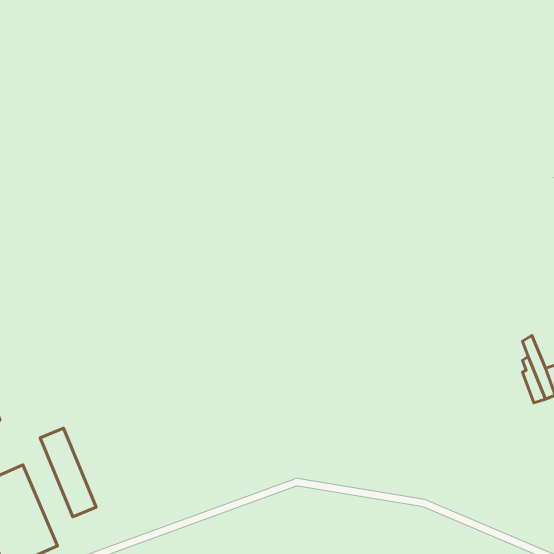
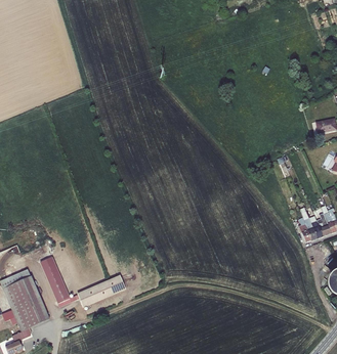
building: none -> [74,274,124,306]

